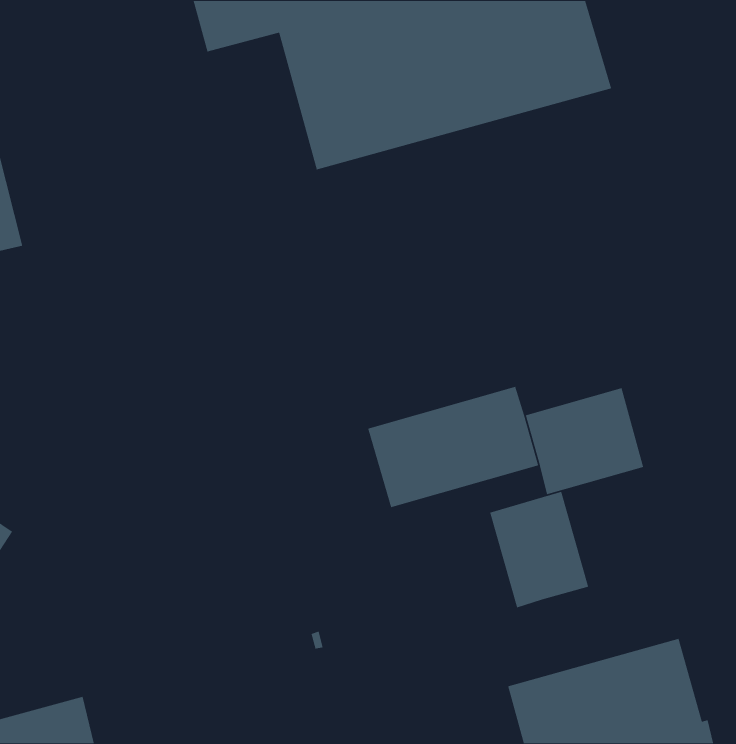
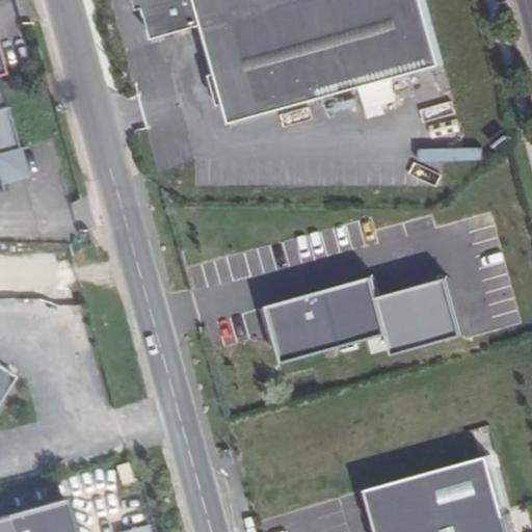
building: [489,491,589,609] -> none

